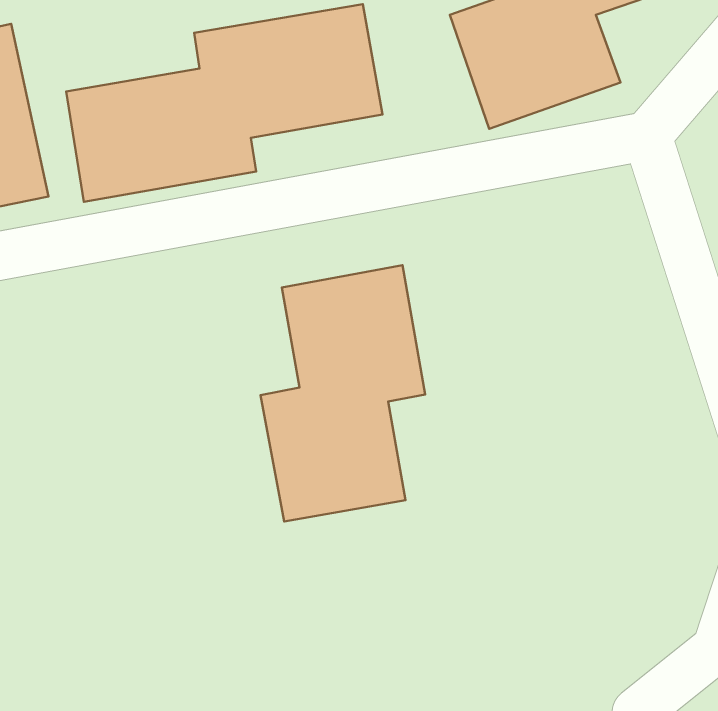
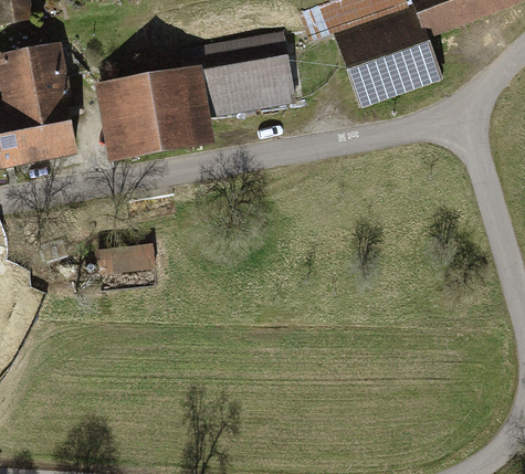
building: [261,265,425,521] -> none
building: none -> [94,242,154,277]

